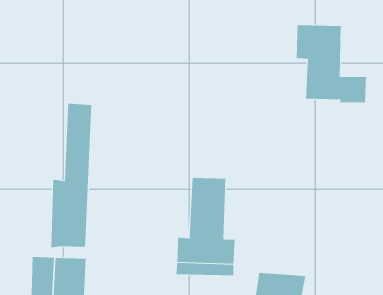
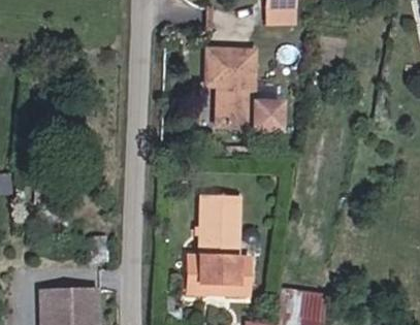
building: [296,25,367,103] -> [206,51,279,130]
building: [51,103,92,248] -> none

